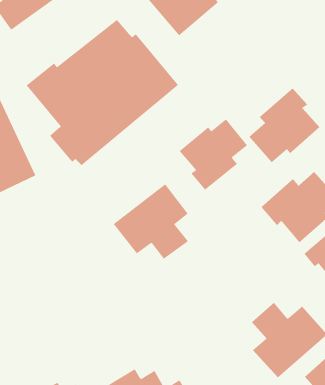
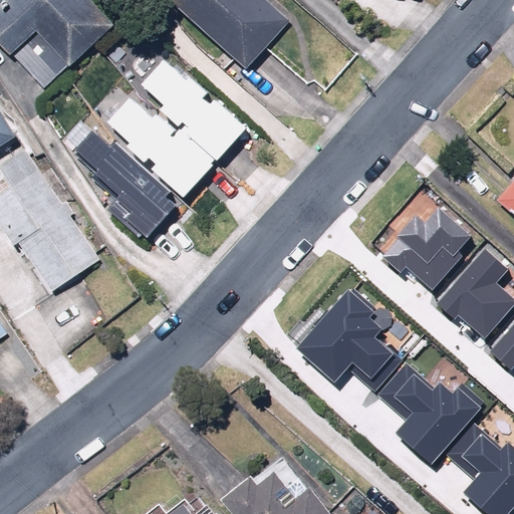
building: [248,87,320,163] -> none
building: [179,119,248,191] -> none
building: [113,183,189,260] -> [299,297,393,389]

